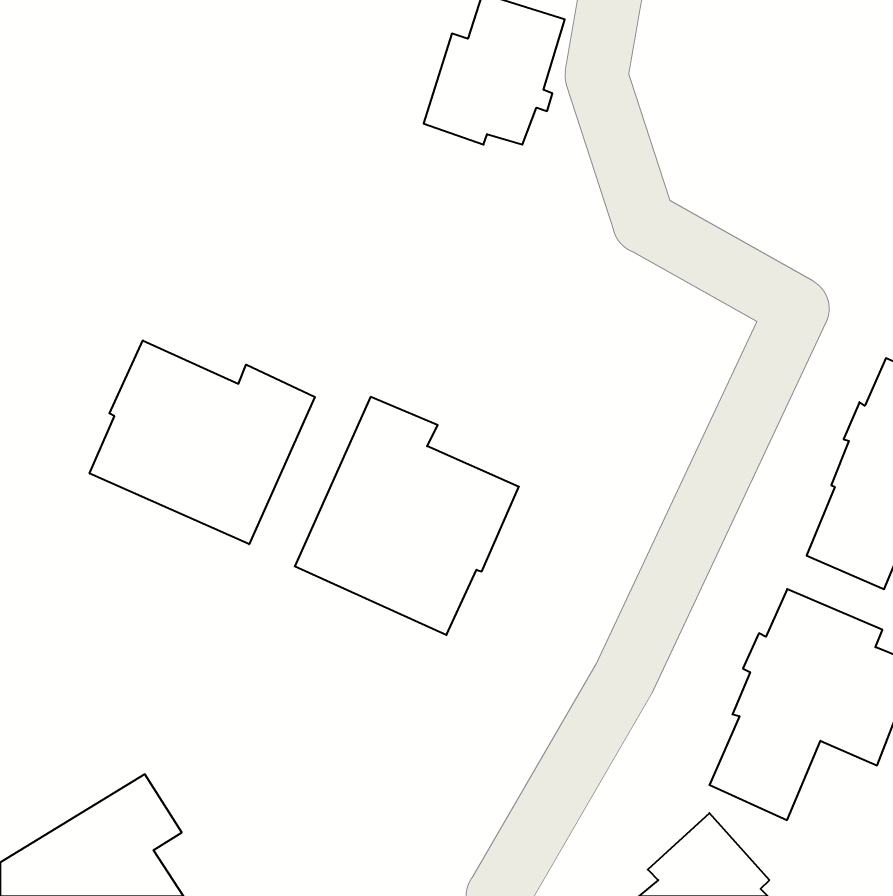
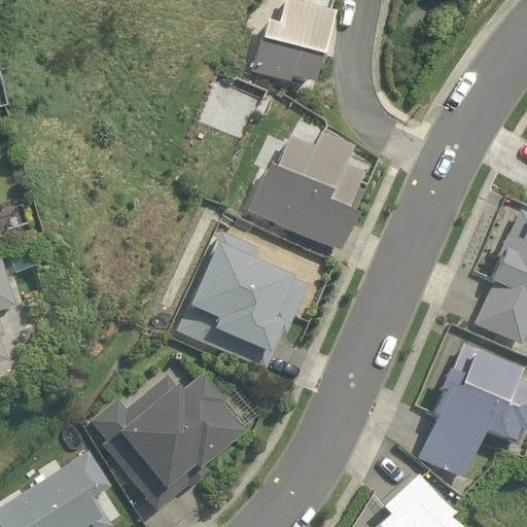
building: none -> [248,134,365,252]
building: [90,340,315,544] -> none
building: none -> [91,375,241,511]

